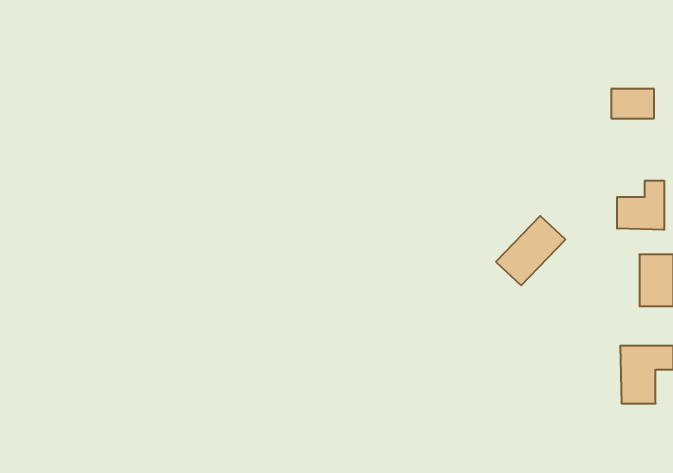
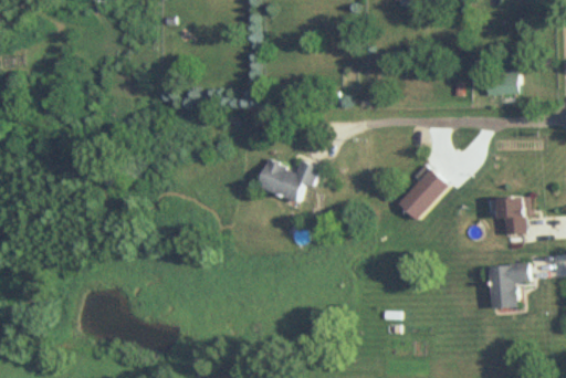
building: [617,181,664,230] -> none
building: none -> [256,160,319,202]

